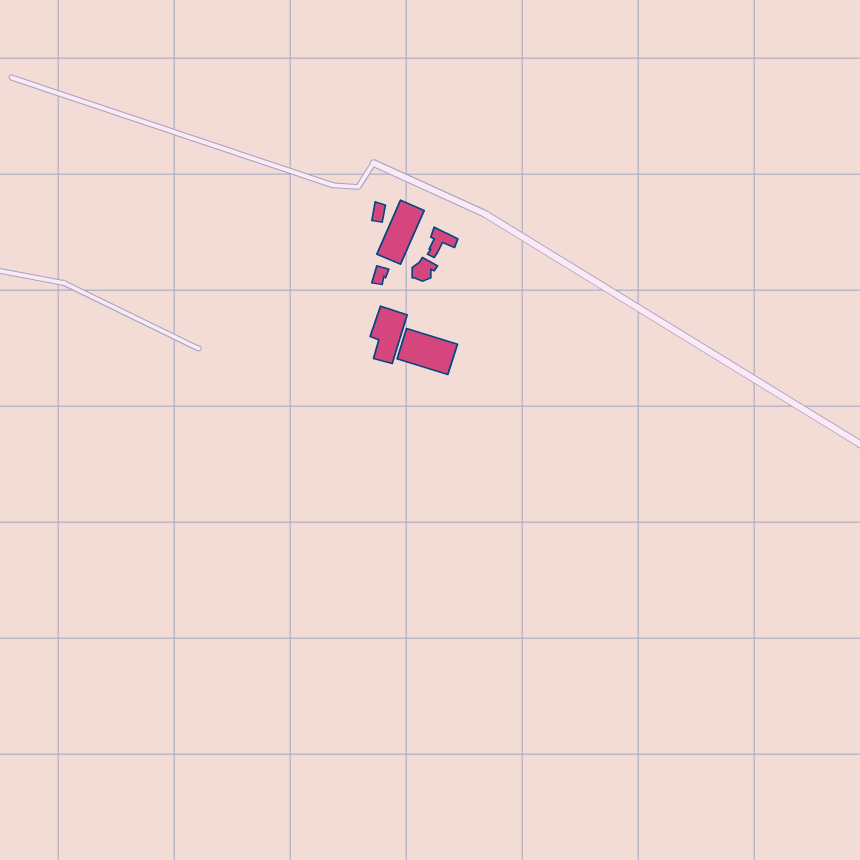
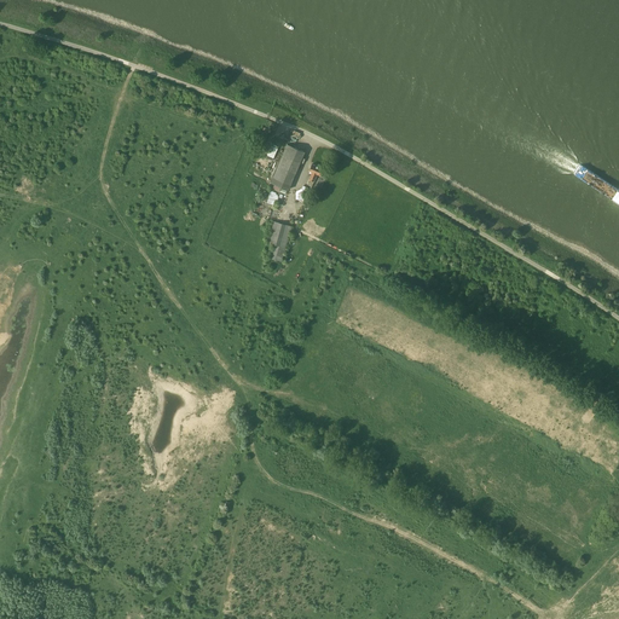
building: [397,328,458,375] -> none

